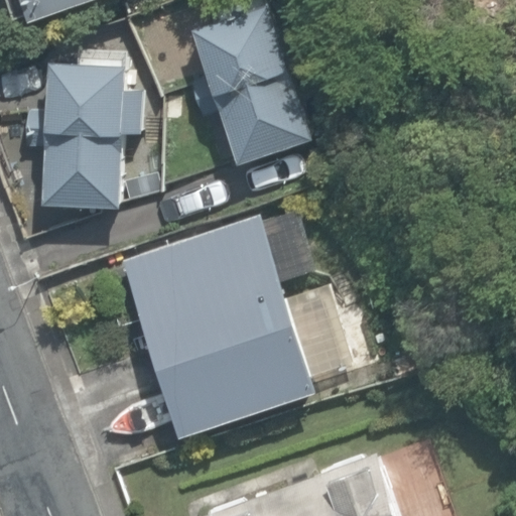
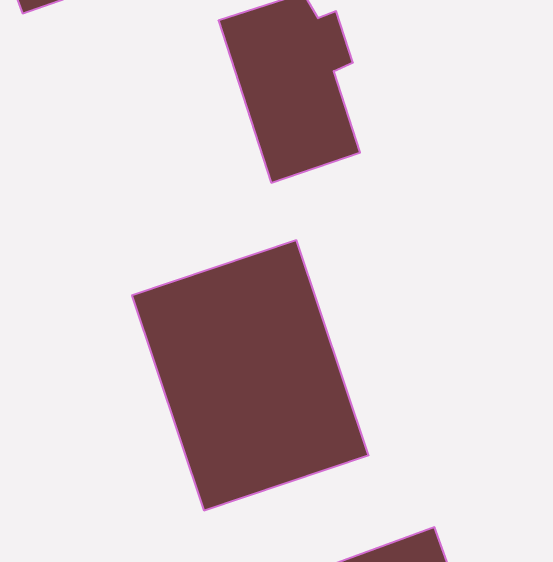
building: [42,66,141,211] -> none

